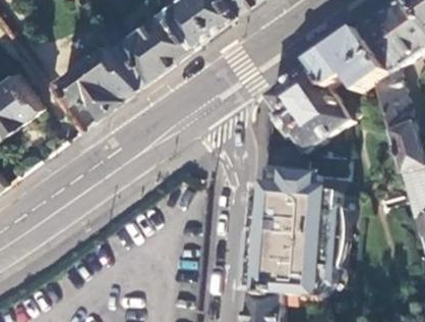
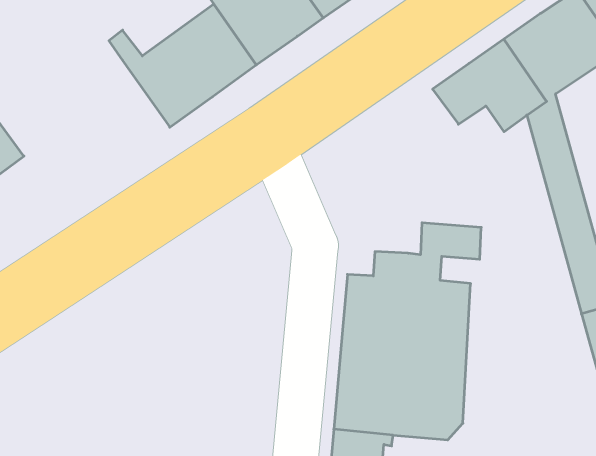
building: [59,43,138,114] -> none
building: [267,62,359,151] -> none

